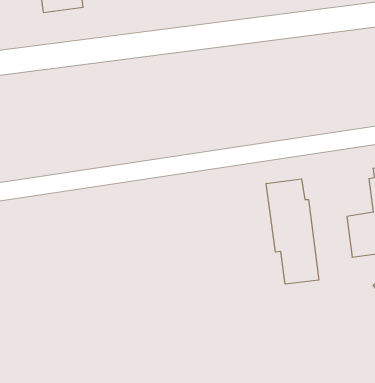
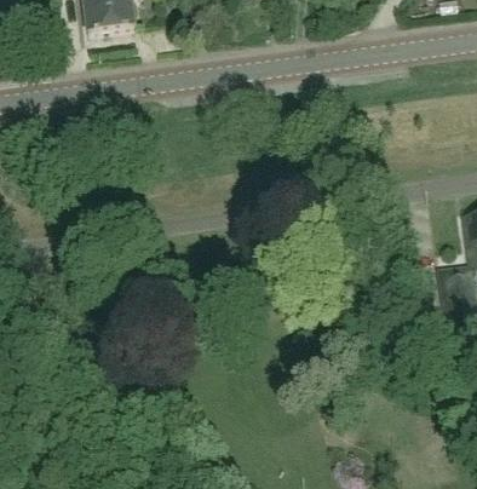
building: [266,179,319,284] -> none

